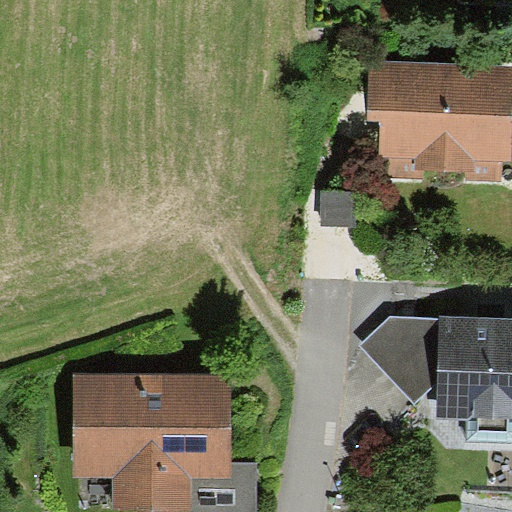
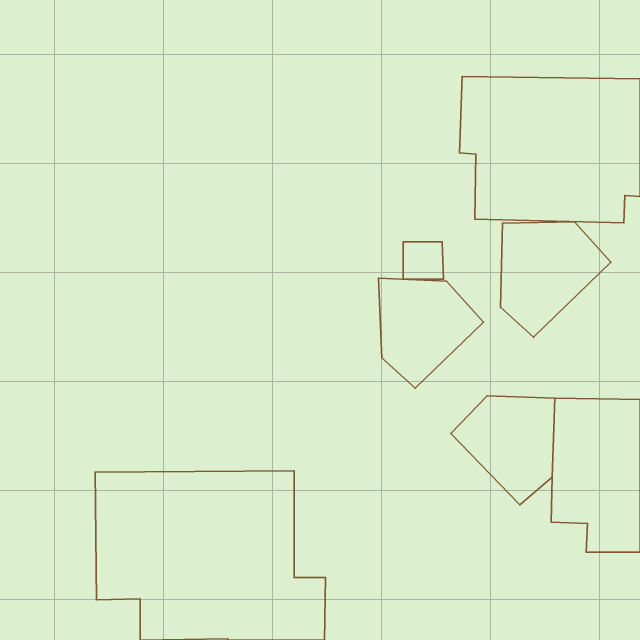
building: none -> [500,222,611,337]
building: none -> [379,278,484,388]

